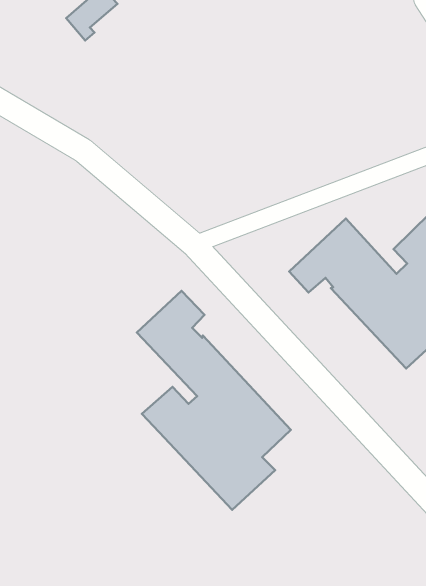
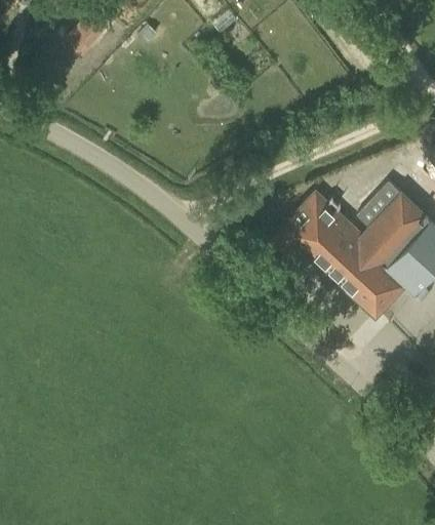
building: [137,291,291,510] -> none

